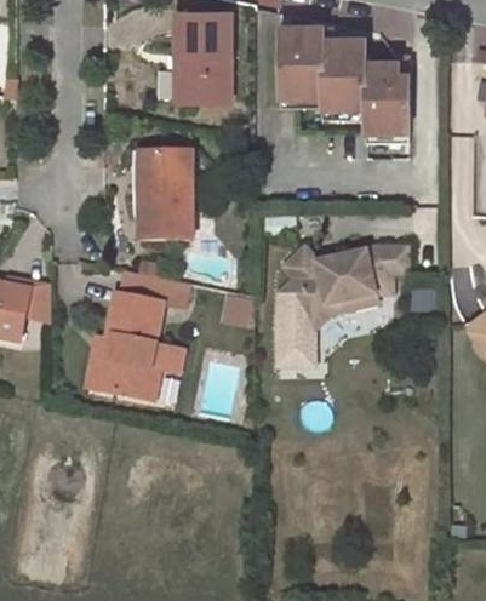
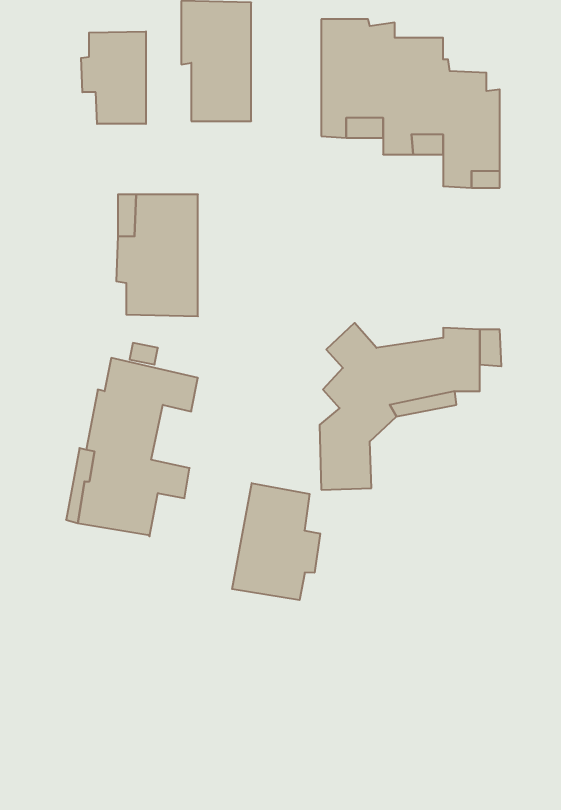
building: none -> [81,31,146,124]
building: none -> [232,483,320,600]

